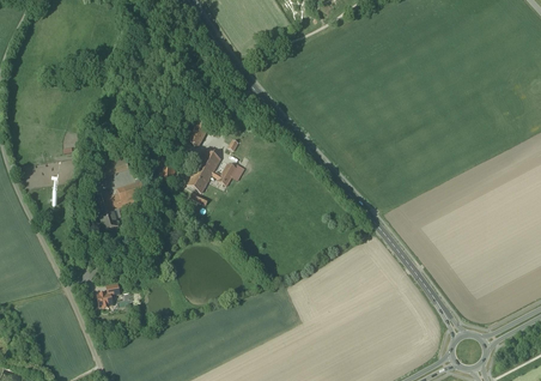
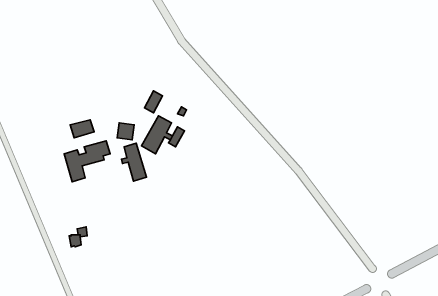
building: none -> [121,143,147,181]

